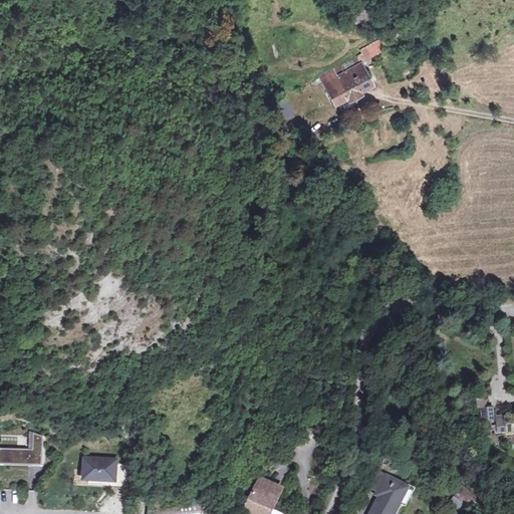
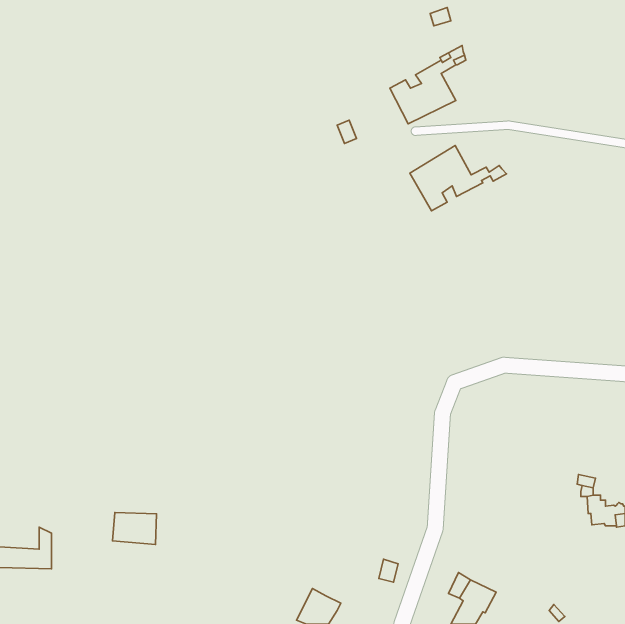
building: none -> [410,145,507,211]
building: [81,458,117,484] -> [112,513,157,544]

